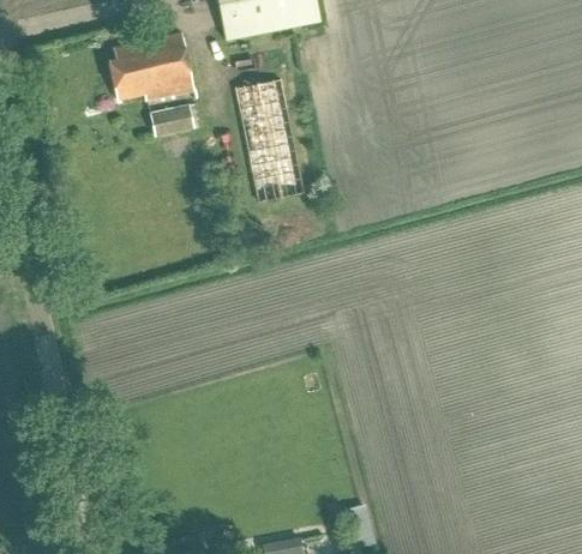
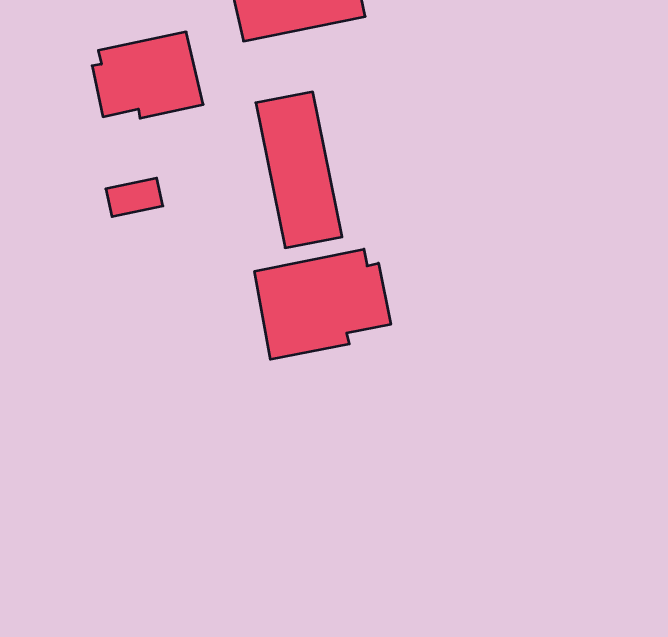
building: [150,104,194,134] -> [106,178,163,217]
building: none -> [255,249,391,359]

